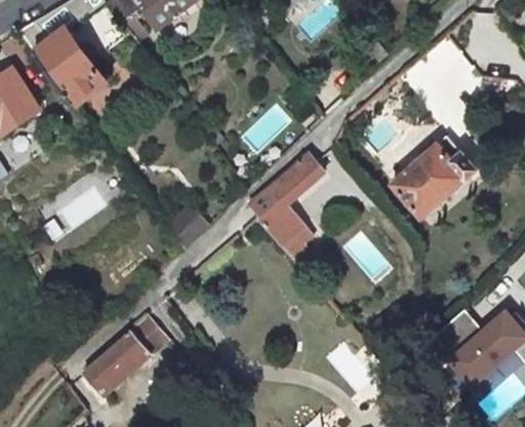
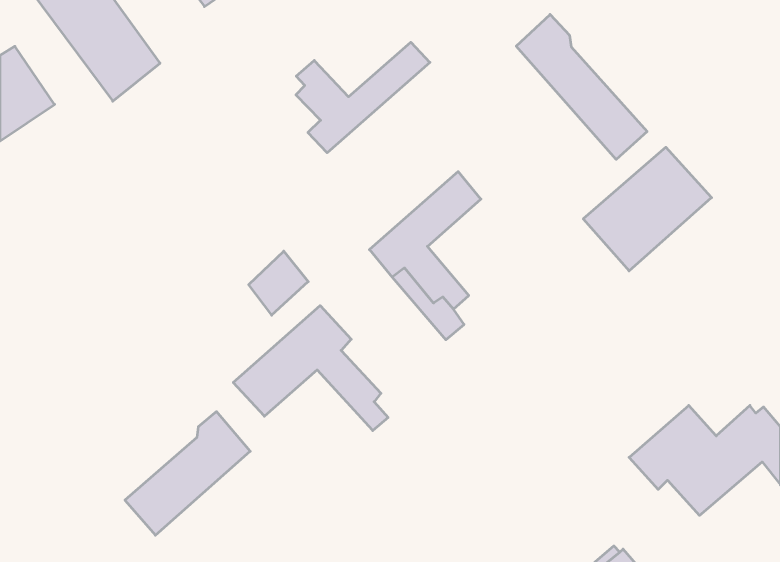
building: none -> [516,14,647,159]
building: none -> [296,42,430,153]
building: none -> [233,306,388,431]

